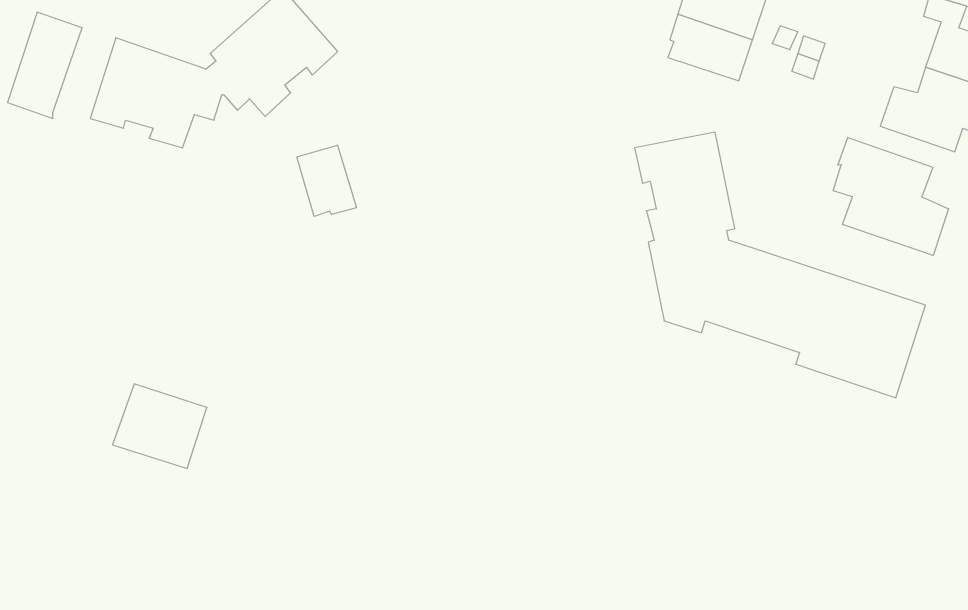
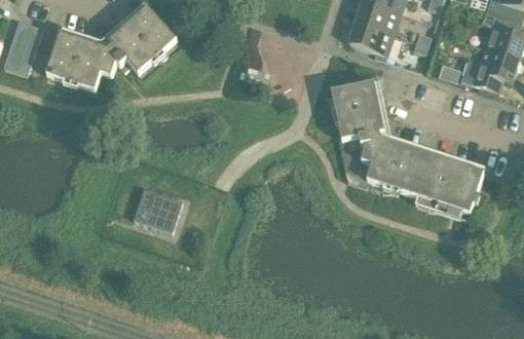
building: [833,137,949,256] -> none
building: [297,145,356,216] -> none
building: [113,384,207,468] -> [134,186,183,230]

